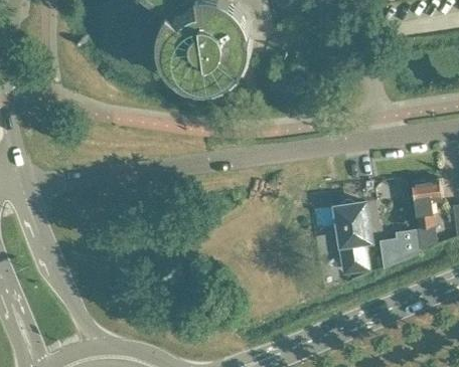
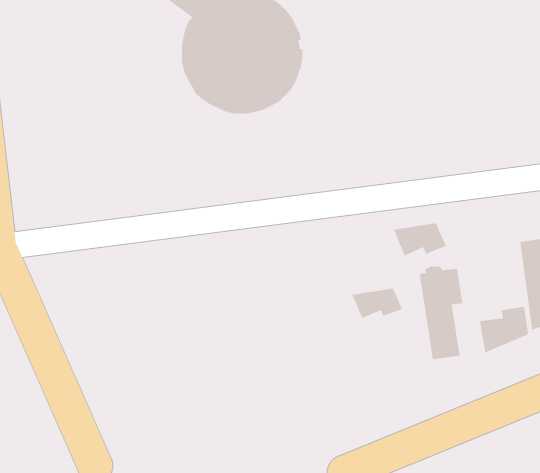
building: none -> [393,222,446,257]
building: none -> [352,288,403,319]

